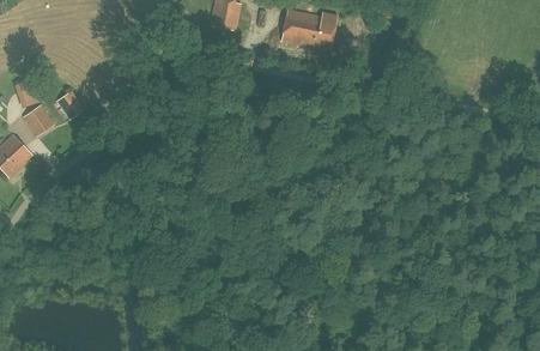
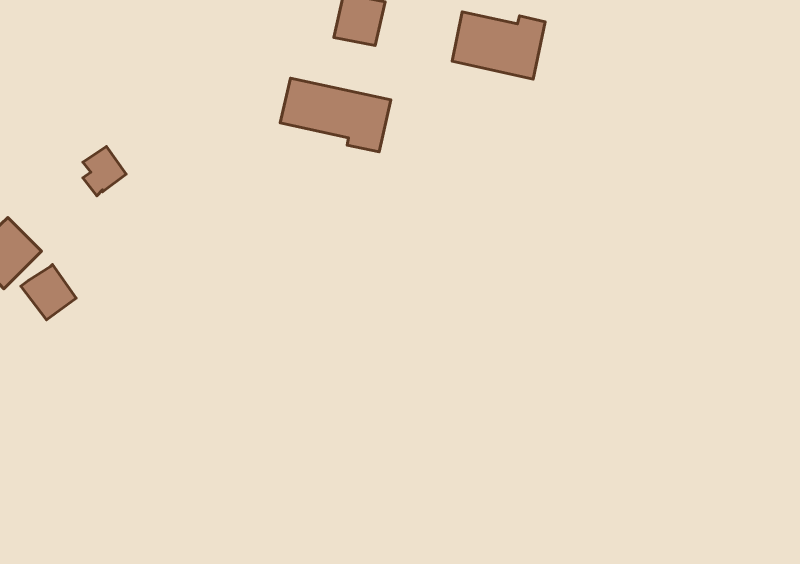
building: none -> [280,78,391,152]
building: [22,103,55,137] -> [21,264,76,320]

